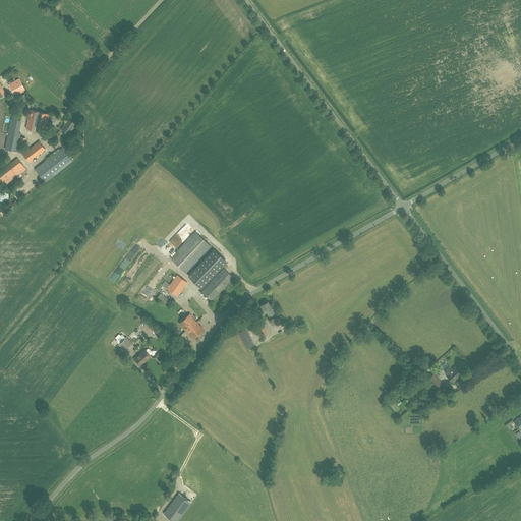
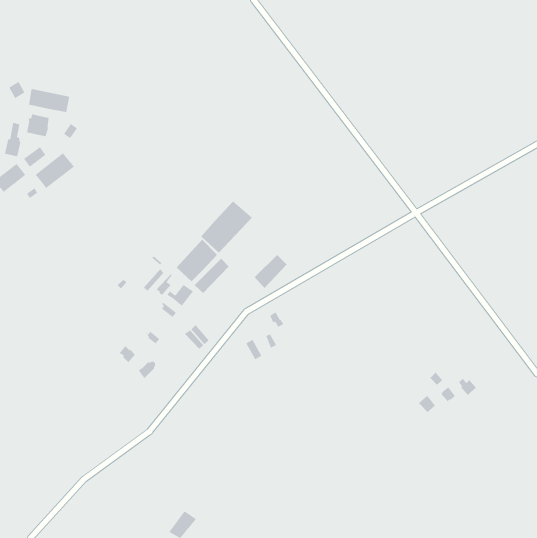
building: none -> [28,88,70,113]
building: none -> [201,200,253,254]
building: [200,268,233,301] -> [254,254,288,289]

